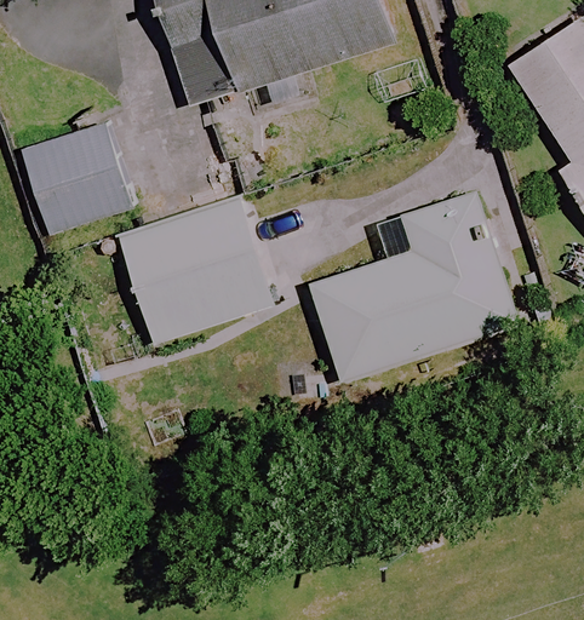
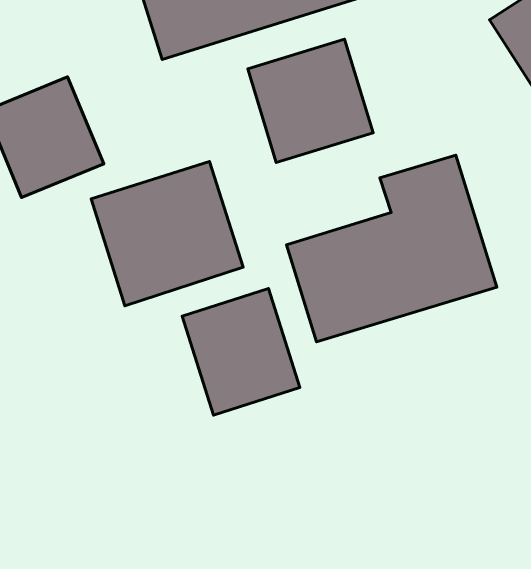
building: none -> [248,39,373,163]
building: none -> [182,288,300,415]

